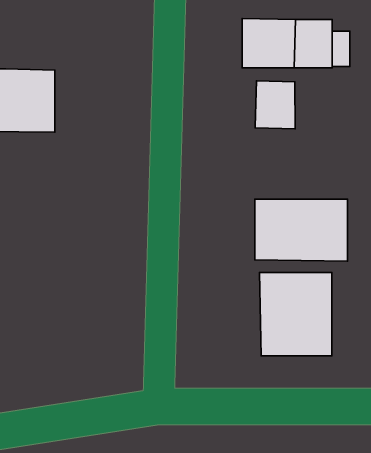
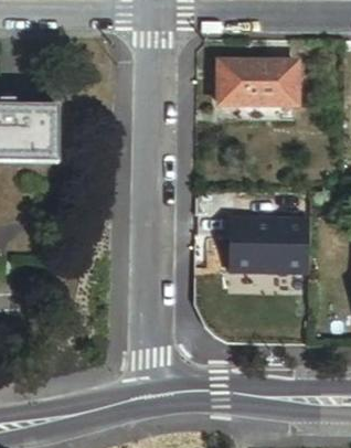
building: [255,81,295,129] -> none
building: [260,272,332,356] -> none

